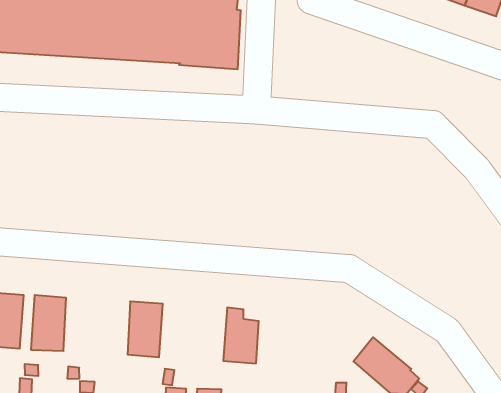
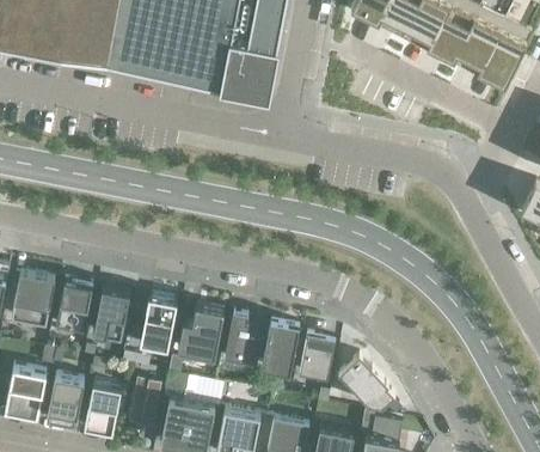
building: none -> [92,287,130,338]
building: none -> [177,305,223,358]
building: none -> [262,319,299,372]
building: none -> [299,335,335,379]

